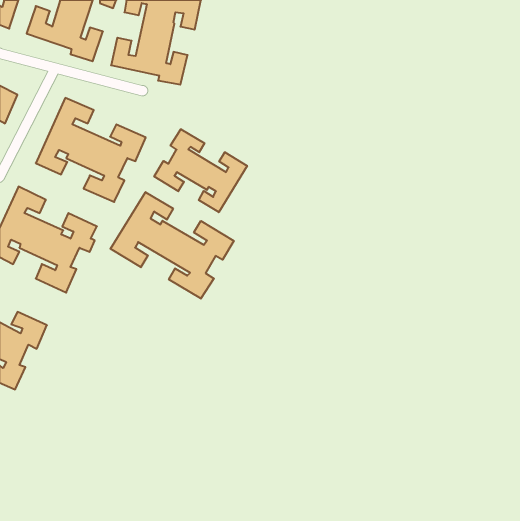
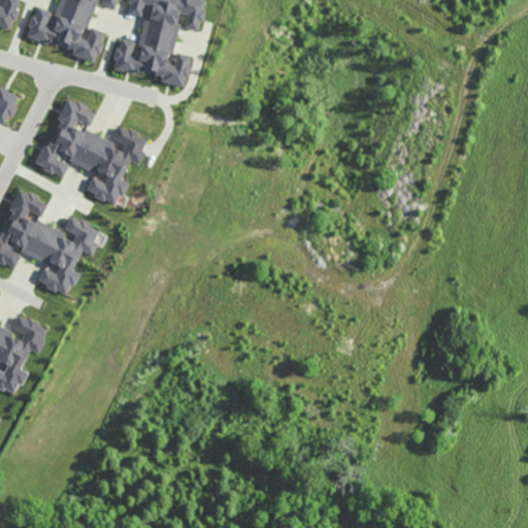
building: [154,129,247,212] -> none
building: [110,192,234,299] -> none

